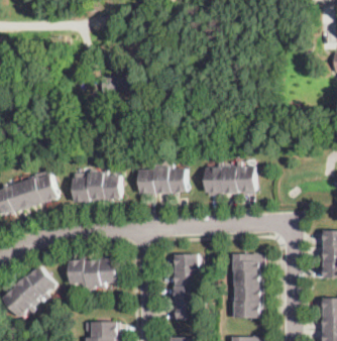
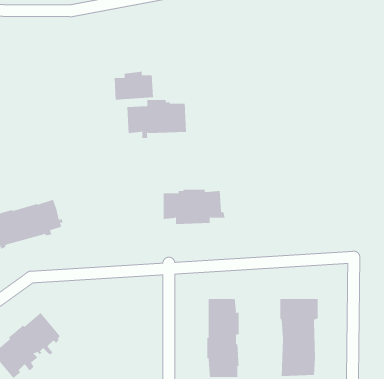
building: [202,165,254,196] -> none
building: [71,173,119,204] -> [126,99,187,138]
building: [68,258,116,289] -> none

